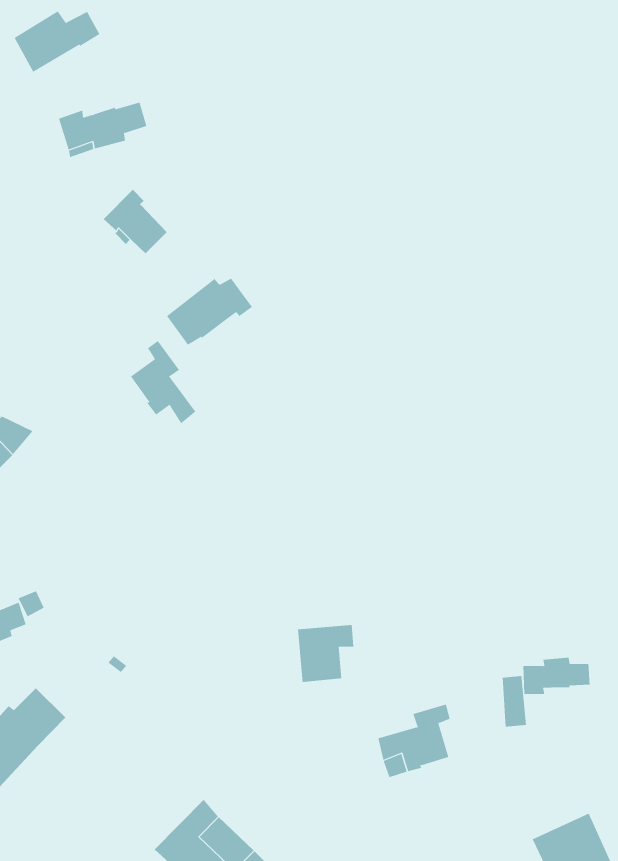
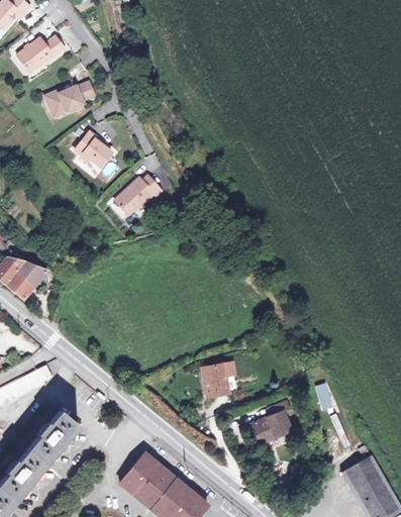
building: [130,340,196,424] -> none
building: [523,657,590,695] -> none
building: none -> [118,453,158,495]

